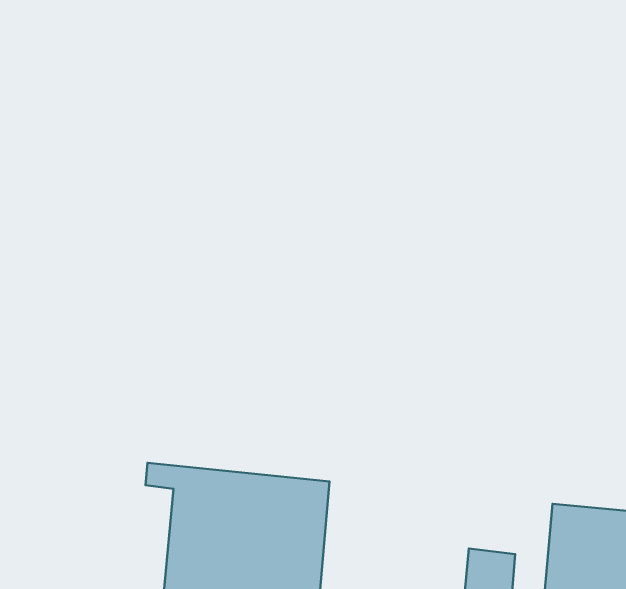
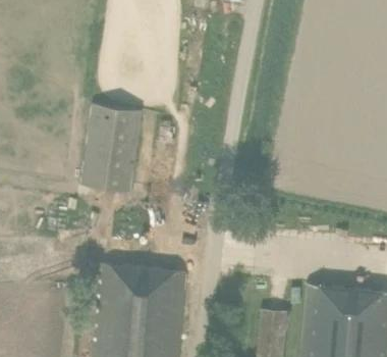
building: none -> [80,104,143,193]

